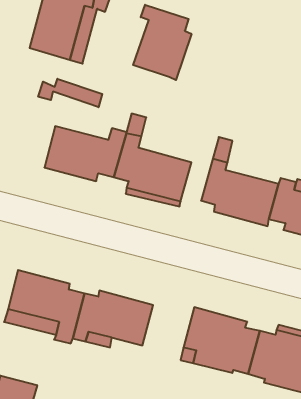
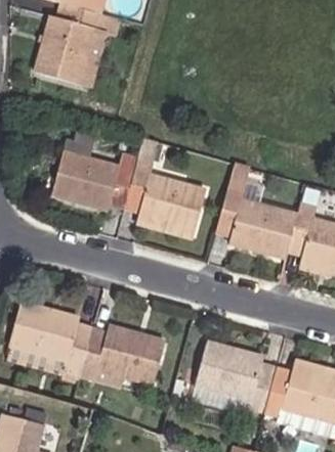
building: [133,5,191,80] -> none
building: [38,79,102,107] -> none

